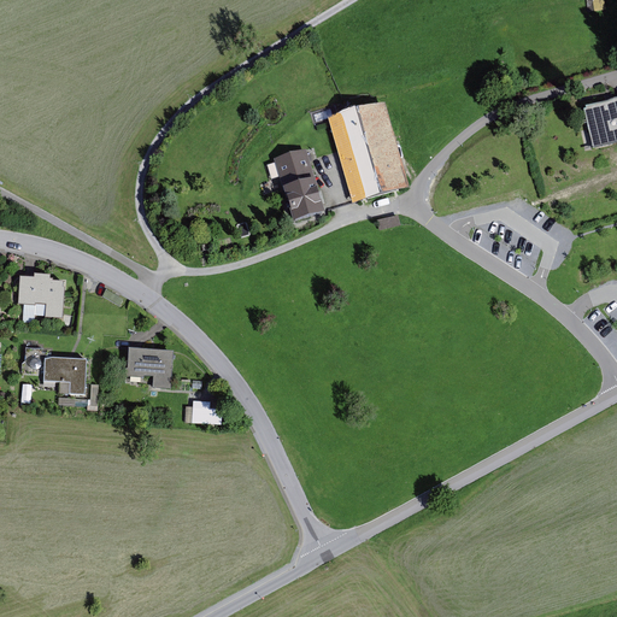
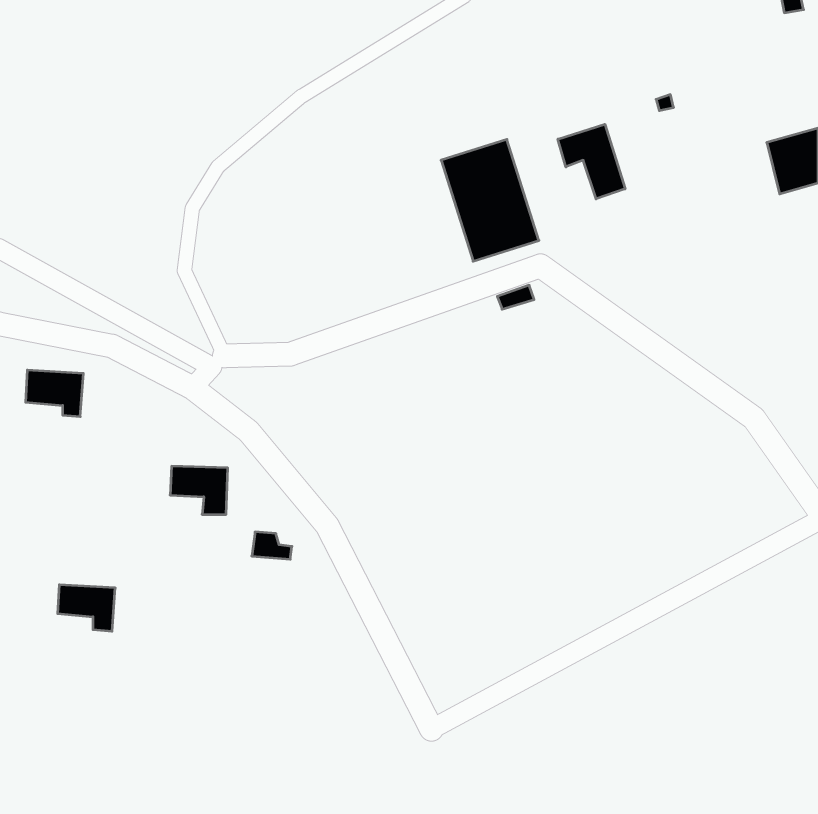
building: none -> [558,124,625,199]
building: [276,151,322,218] -> none
building: [42,357,86,392] -> [58,585,115,631]

